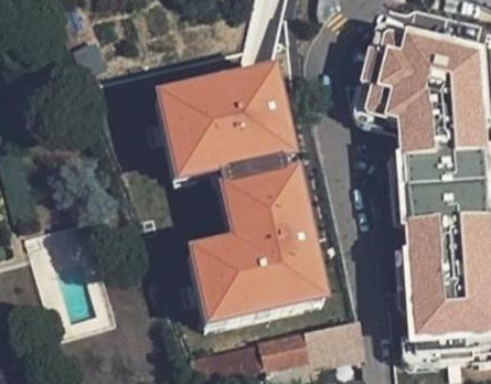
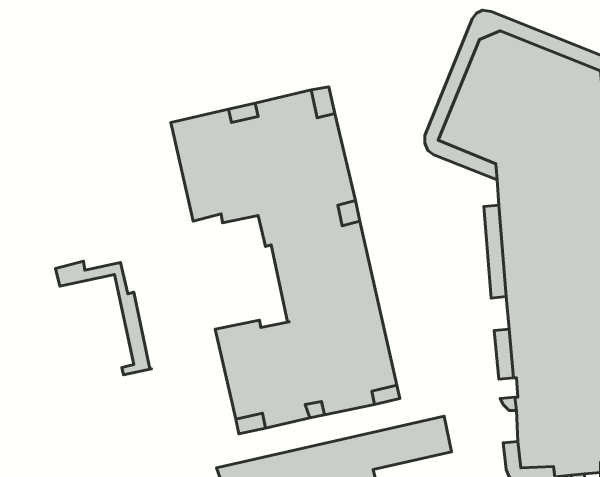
building: [173,162,245,247] -> [55,261,151,375]

